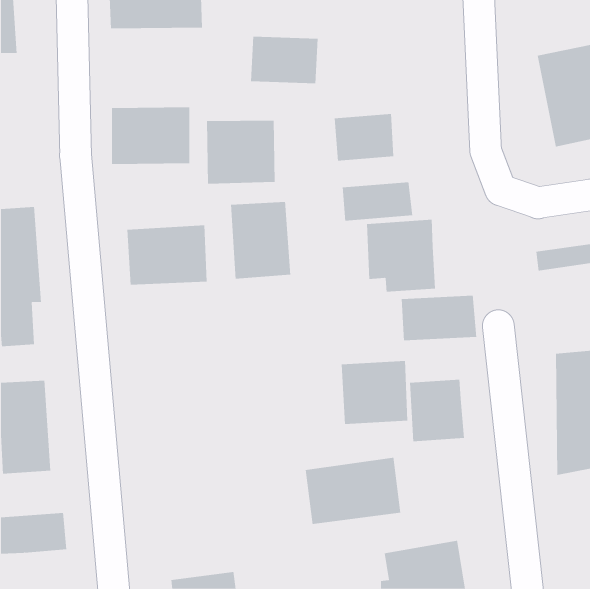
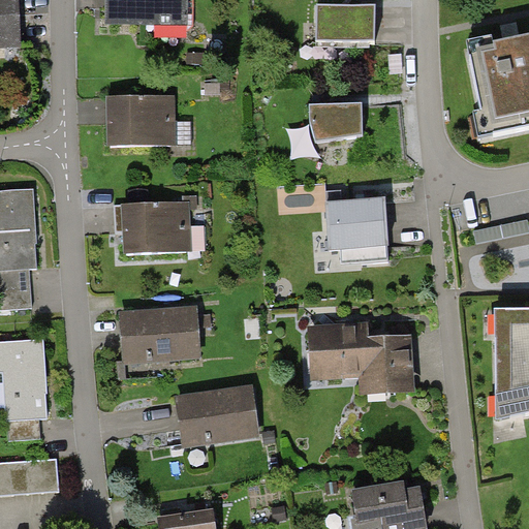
building: [250,36,319,84] -> [306,4,367,46]
building: [206,120,275,184] -> none
building: [342,182,413,221] -> none
building: [231,201,291,279] -> none
building: [401,295,477,341] -> none
building: none -> [114,308,193,364]
building: [305,457,401,524] -> [170,385,256,445]

